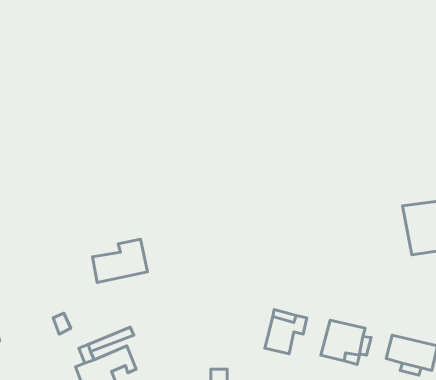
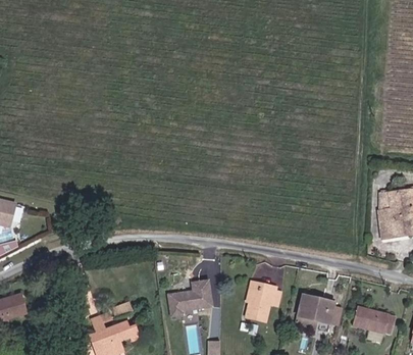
building: [93,239,147,282] -> [165,276,213,314]

